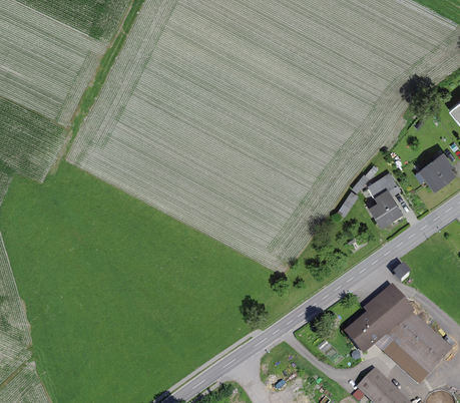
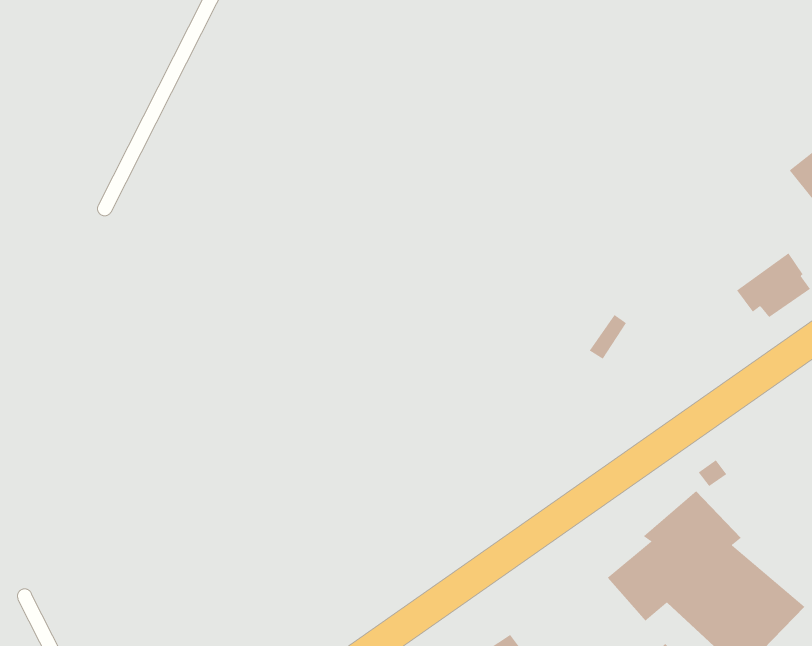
building: [369,174,404,226] -> none

